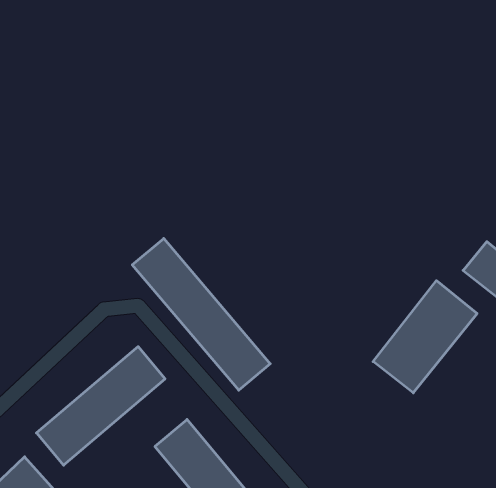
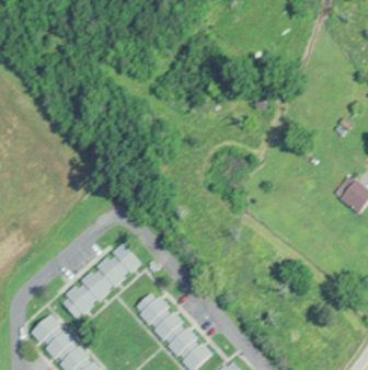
building: [132,238,270,390] -> none
building: [373,281,477,393] -> none

